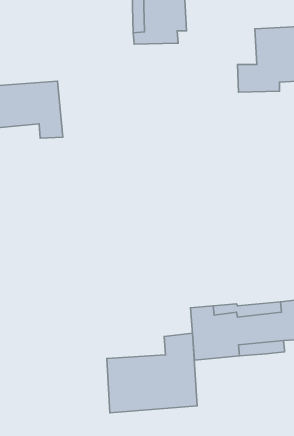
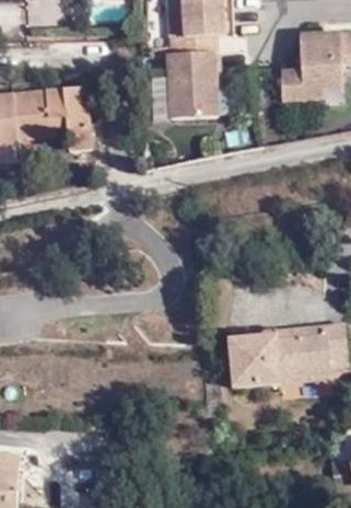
building: none -> [169,48,218,114]
building: [107,333,197,413] -> none

